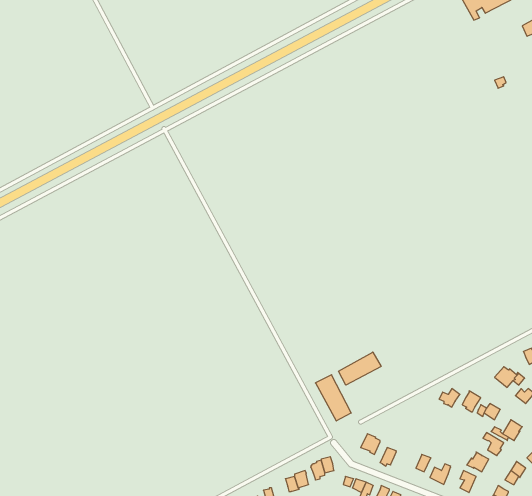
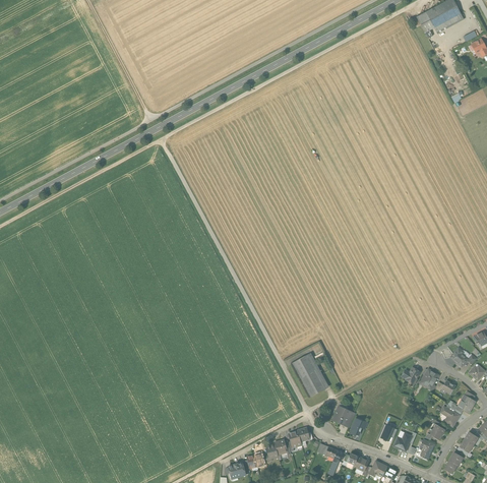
building: [339,352,381,385] -> none

